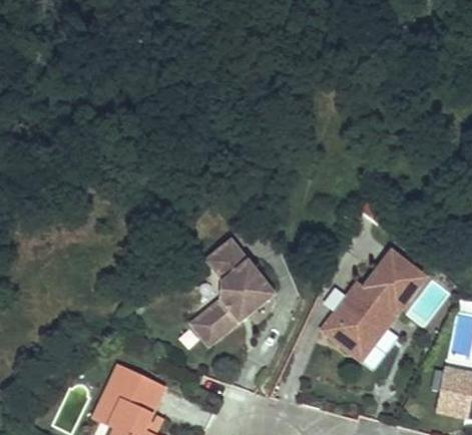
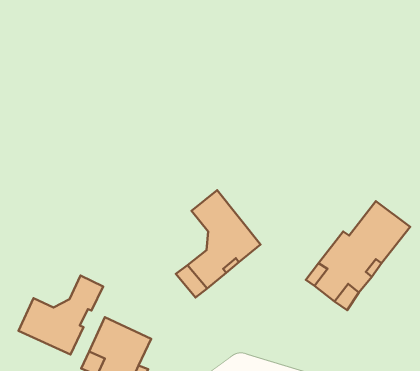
building: none -> [18,275,103,355]

